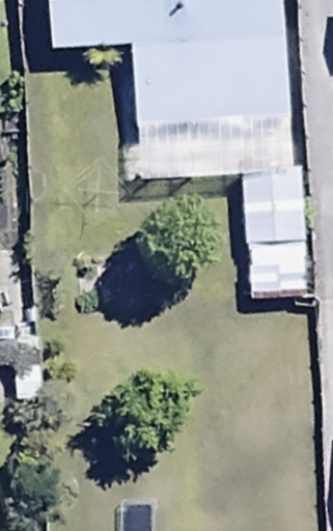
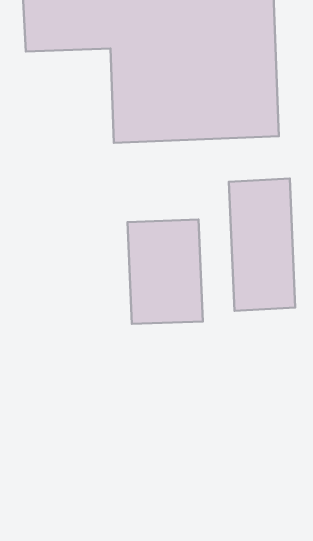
building: none -> [128,220,203,324]

